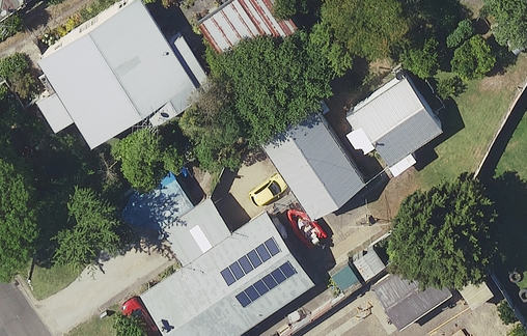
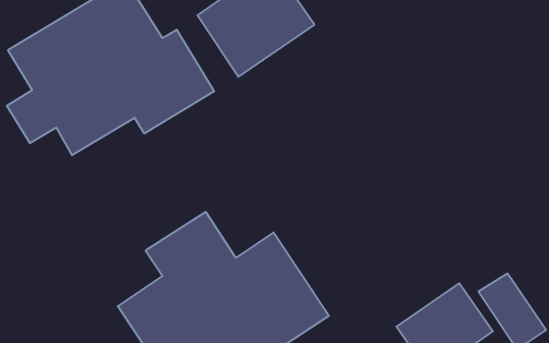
building: [344,78,451,188] -> none
building: [258,101,365,220] -> none

